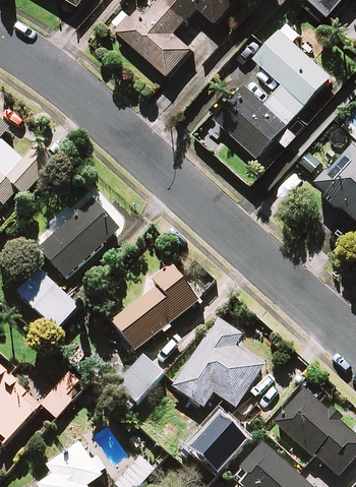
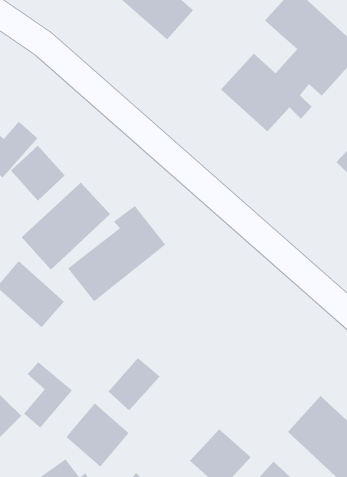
building: none -> [10,145,66,201]
building: [110,263,197,349] -> [67,205,166,302]
building: [171,317,262,405] -> none
building: none -> [65,402,130,468]

